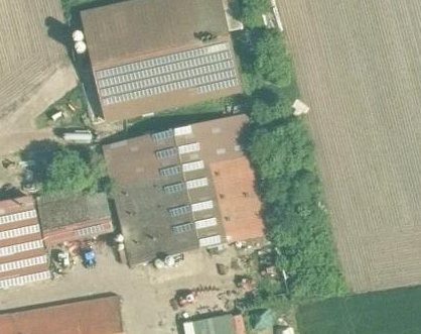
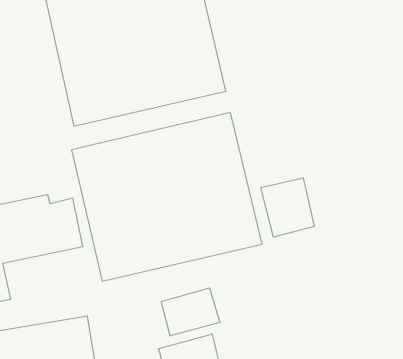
building: none -> [261,178,314,237]
building: none -> [161,288,220,336]

